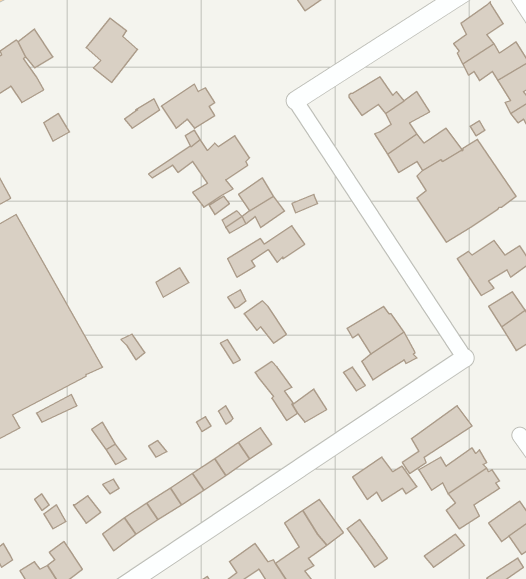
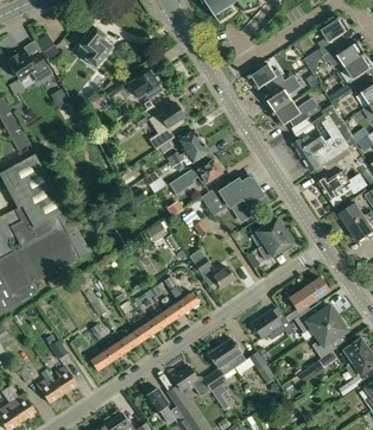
building: none -> [201,173,267,219]

